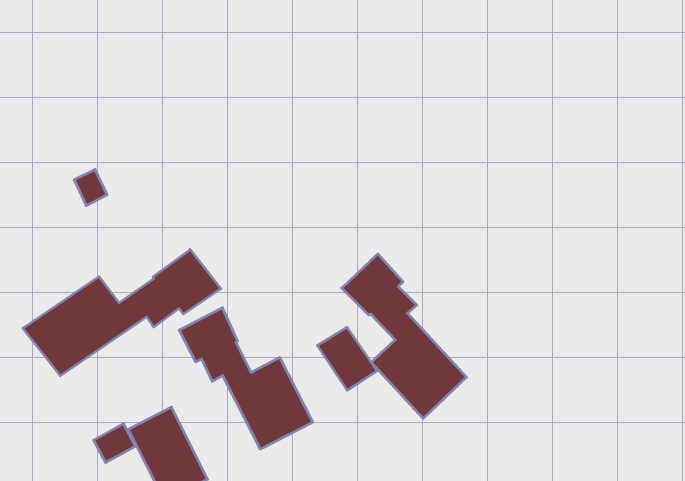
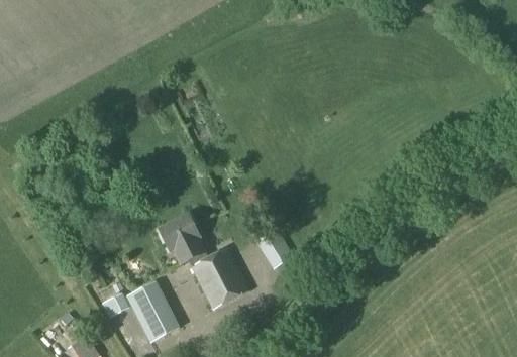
building: [23,249,221,376] -> none
building: [342,254,467,418] -> none

